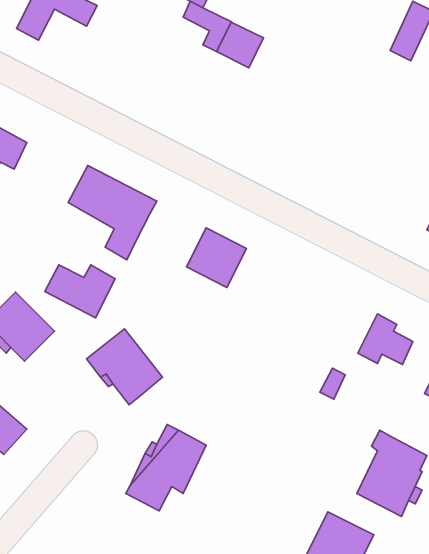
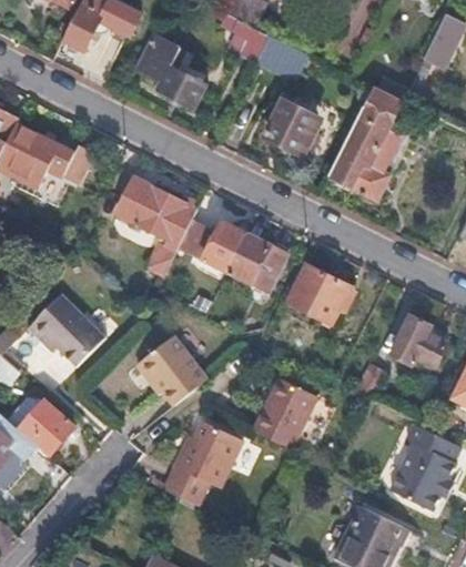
building: none -> [135,34,209,111]
building: none -> [328,88,402,200]
building: none -> [267,99,315,154]
building: none -> [287,264,348,323]
building: [45,265,115,318] -> [178,220,245,271]
building: none -> [254,378,320,449]

